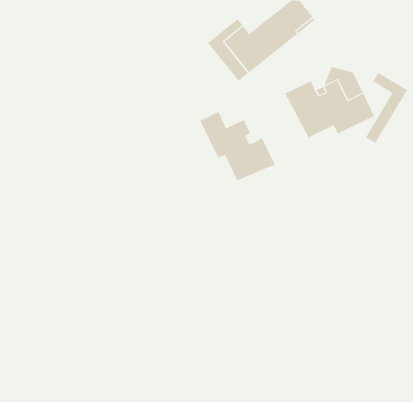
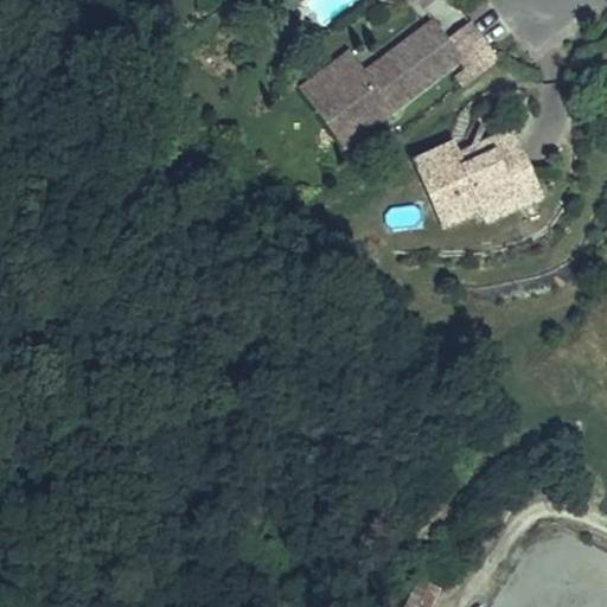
building: [365,72,408,143] -> none
building: [200,111,275,181] -> none

